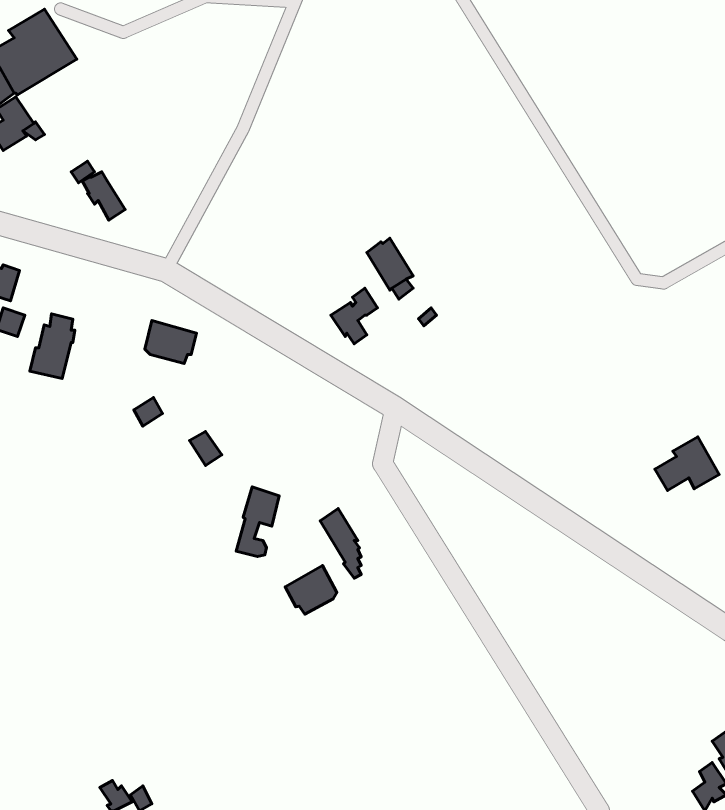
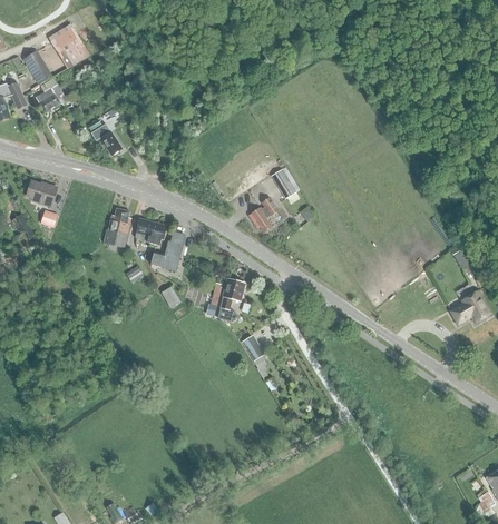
building: [30,314,75,378] -> [101,208,129,248]
building: none -> [148,231,185,270]
building: [236,487,279,557] -> [217,278,244,322]
building: [285,566,337,614] -> none

